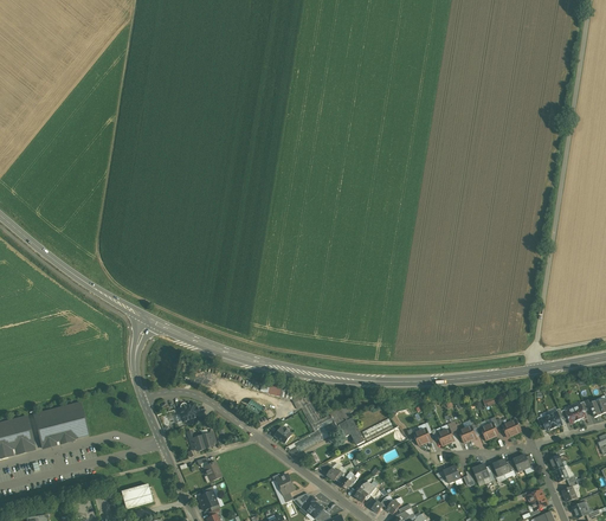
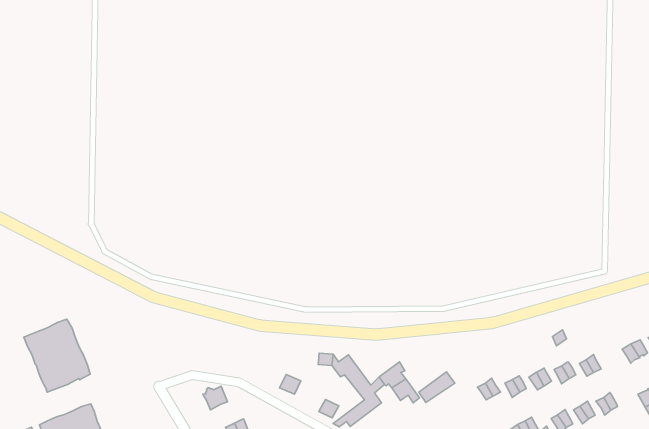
building: none -> [24,319,90,392]

